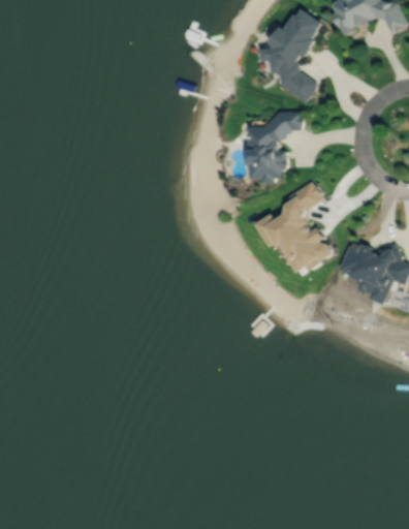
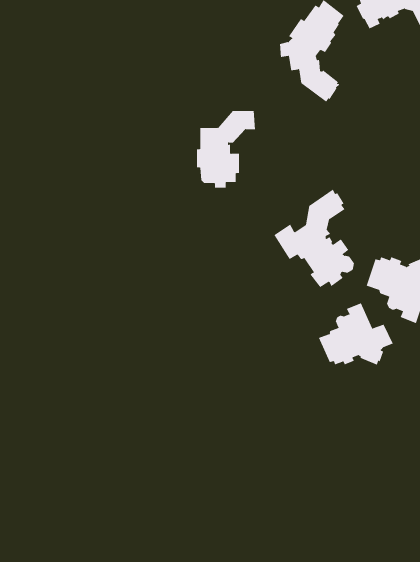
building: [246,112,301,183] -> [196,111,256,188]
building: none -> [318,303,393,366]

